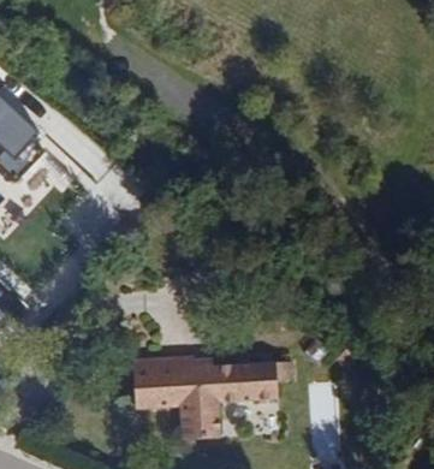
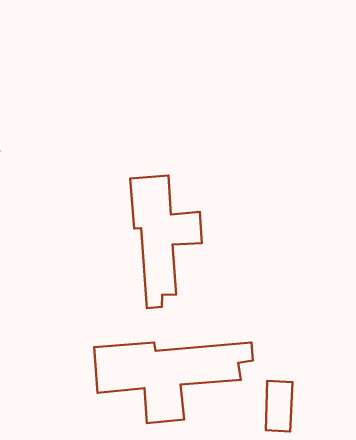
building: none -> [130,175,202,308]

